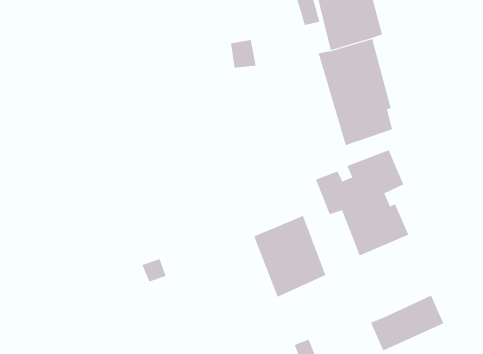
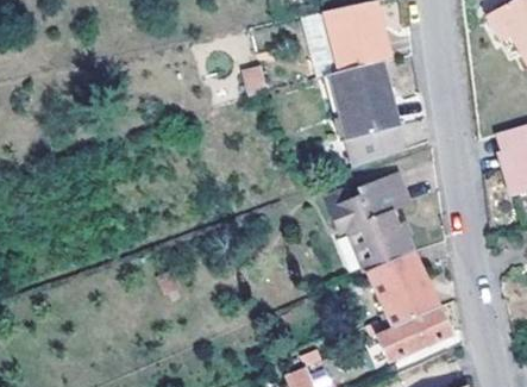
building: [253,215,326,298] -> [368,249,437,327]

